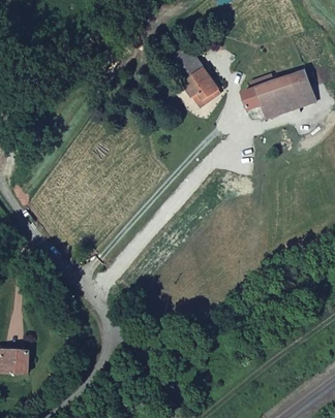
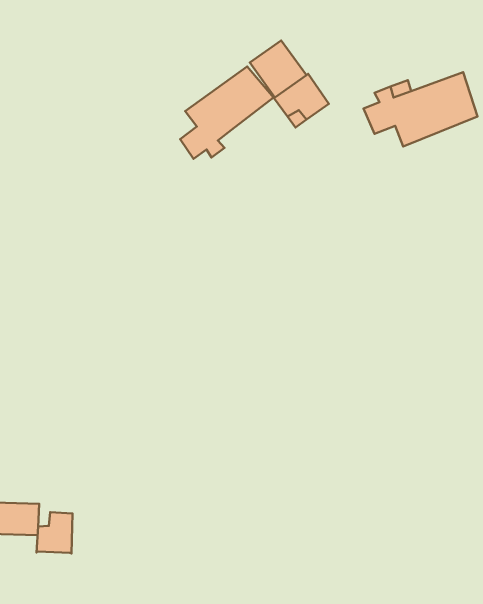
building: none -> [180,67,273,159]
building: none -> [37,512,73,553]

